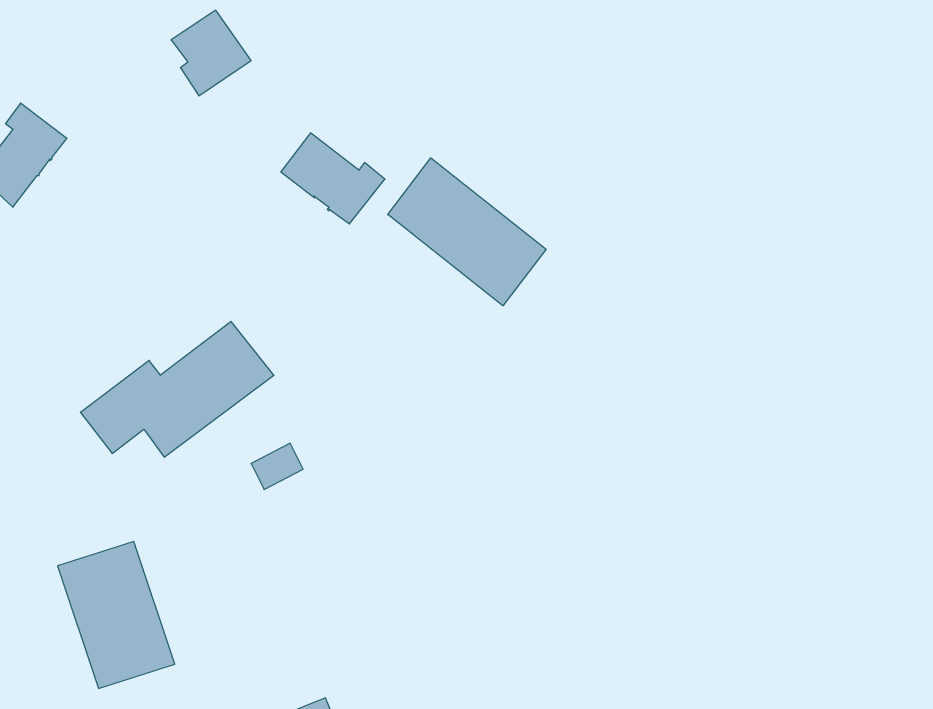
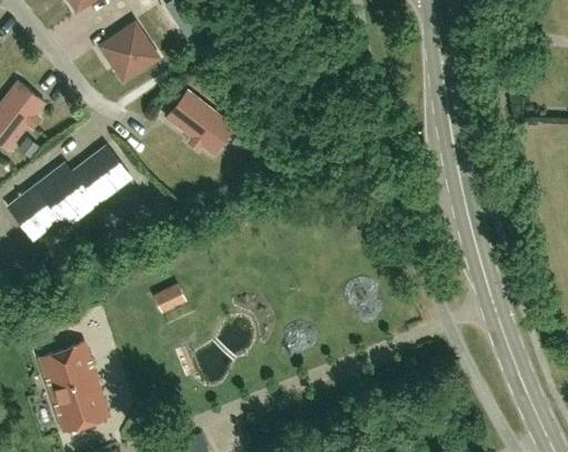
building: [388,158,546,306] -> none
building: [80,321,274,457] -> [16,147,131,228]

